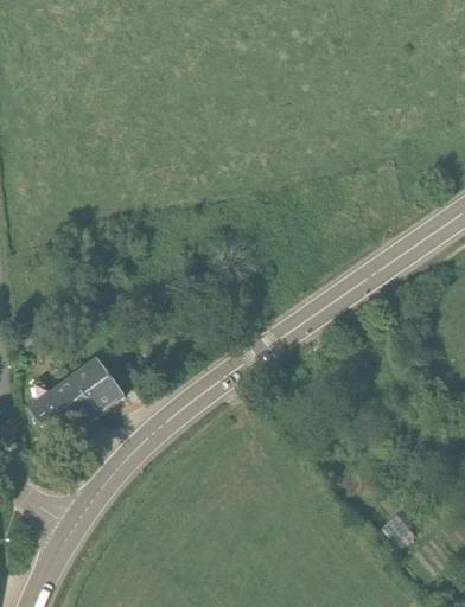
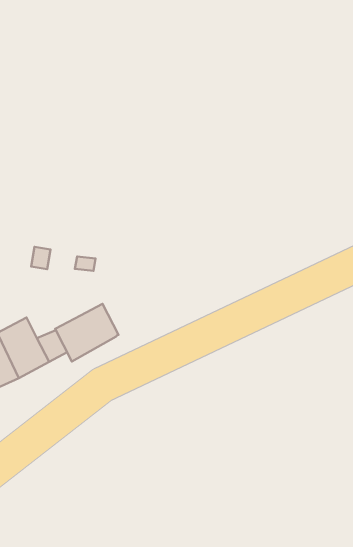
building: none -> [55,304,118,361]

